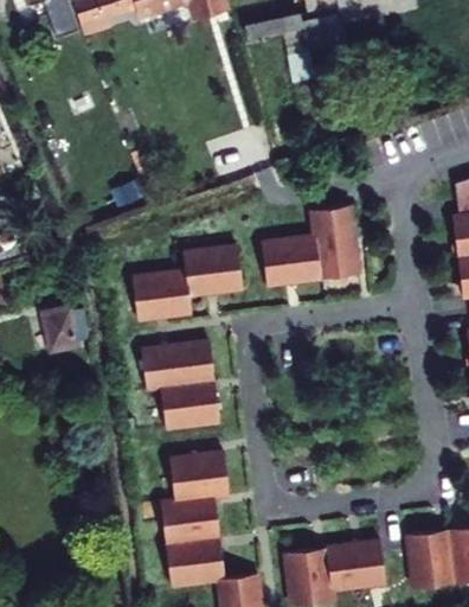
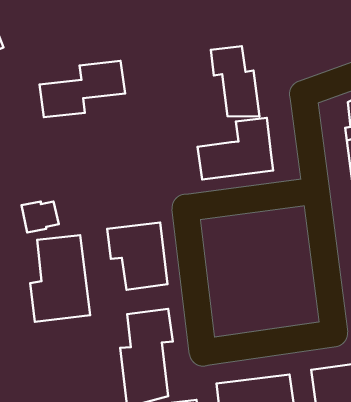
building: none -> [211,46,260,117]
building: [131,244,243,318] -> [39,61,125,117]
building: none -> [30,235,90,322]

